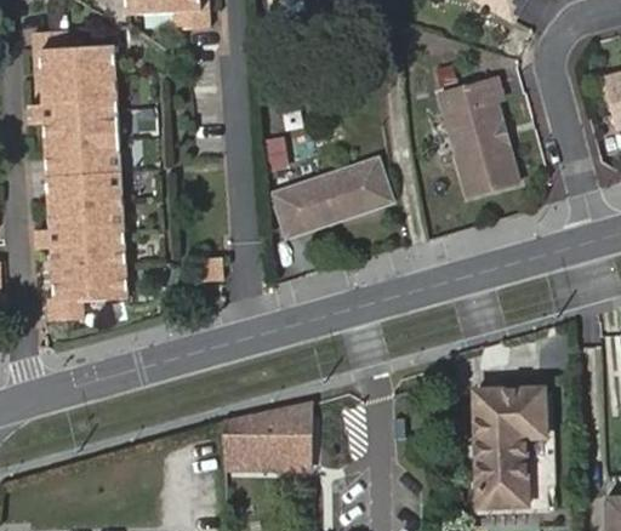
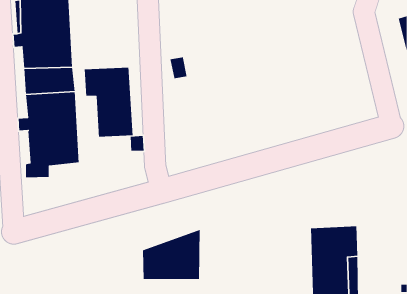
building: [439,79,519,196] -> none
building: none -> [84,67,133,138]
building: [273,161,391,233] -> none

